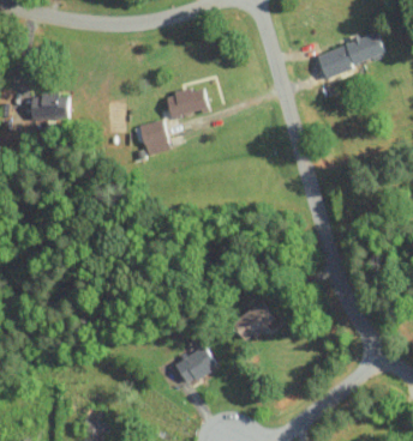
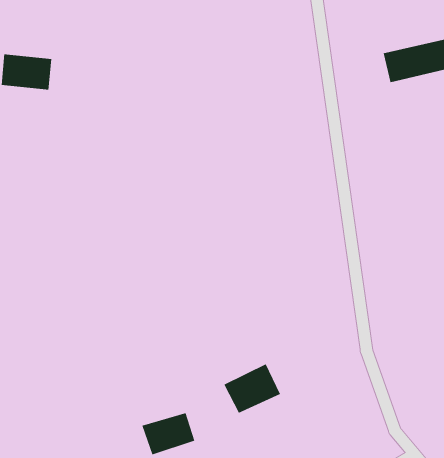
building: [164,87,208,119] -> none
building: [133,120,169,157] -> none

